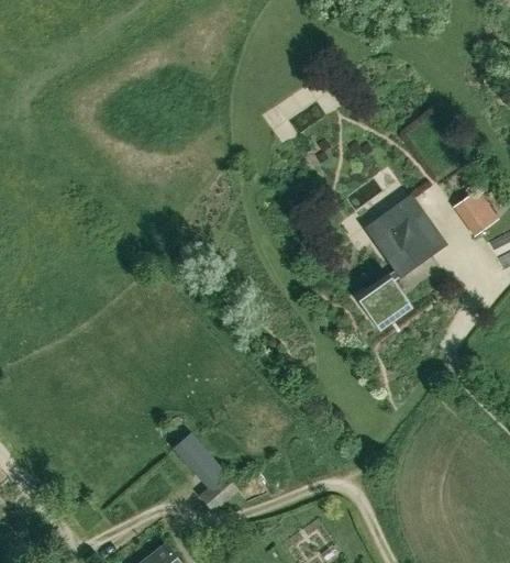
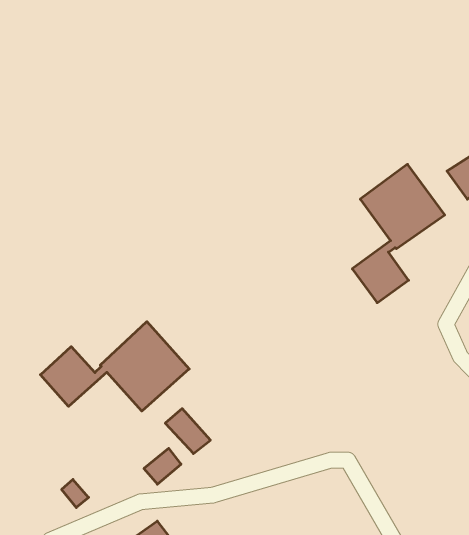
building: none -> [40,322,189,411]
building: [203,476,240,511] -> [144,448,181,484]

